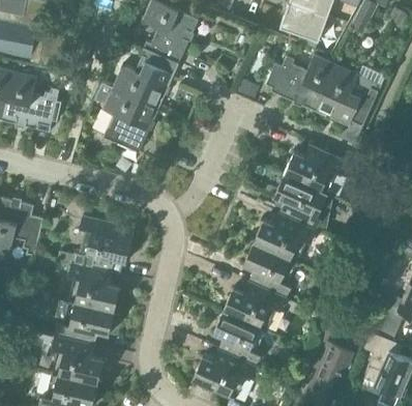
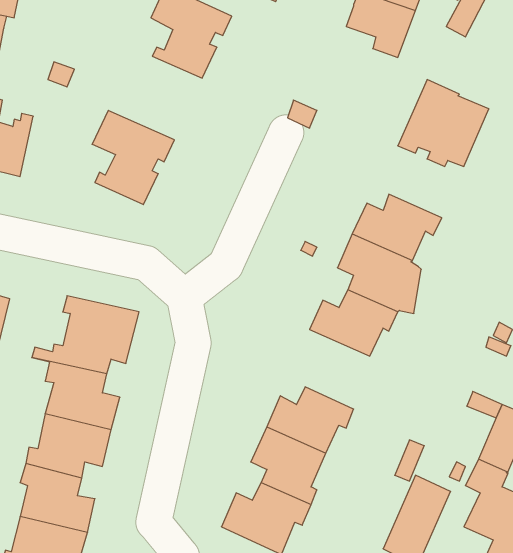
building: [112,47,178,106] -> none
building: [271,54,336,110] -> none
building: [242,239,296,295] -> none

